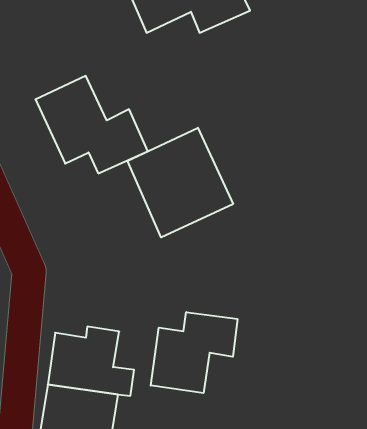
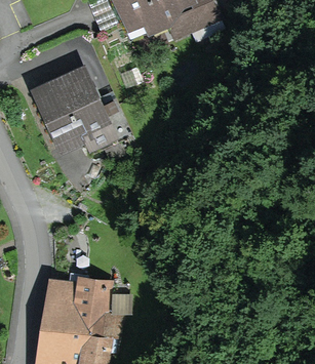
building: [127,128,233,237] -> none
building: [151,312,237,393] -> none

